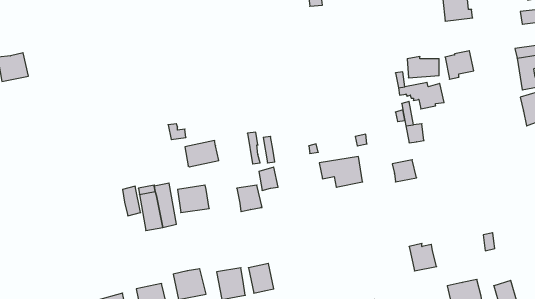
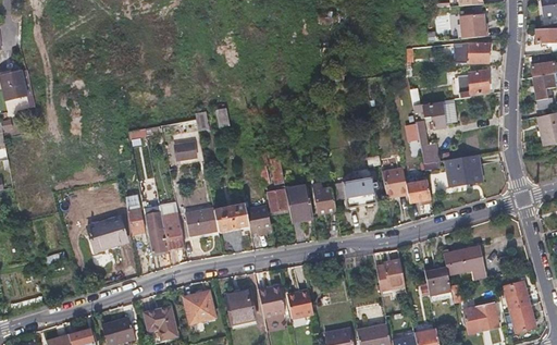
building: [407,57,439,78] -> [454,41,486,63]
building: none -> [445,153,482,187]
building: [185,141,219,167] -> [214,205,249,232]
building: none -> [382,169,408,199]
building: none -> [313,180,336,213]
building: none -> [285,183,310,222]
building: none -> [89,221,125,249]
building: none -> [443,247,486,281]
building: none -> [375,260,405,293]
building: none -> [504,281,528,310]
building: none -> [287,291,313,319]

